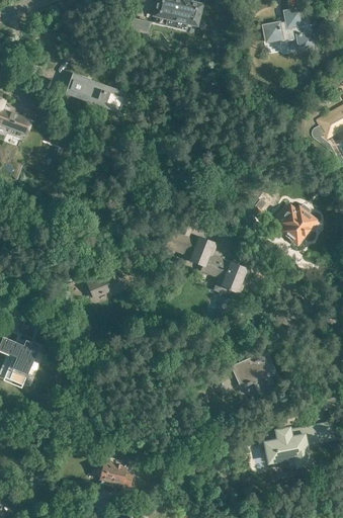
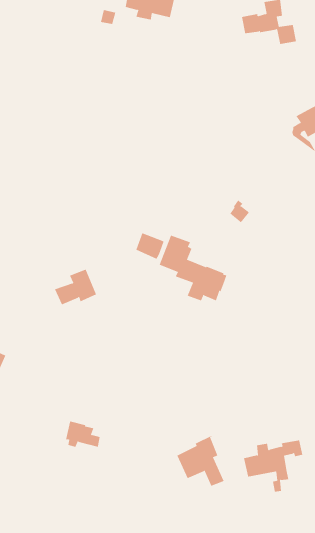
building: [67,75,125,111] -> none
building: [272,202,319,245] -> none
building: [231,347,276,396] -> [177,435,225,486]
building: [99,460,133,486] -> [65,421,101,447]

